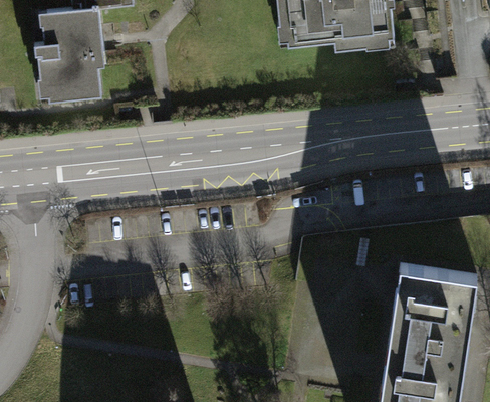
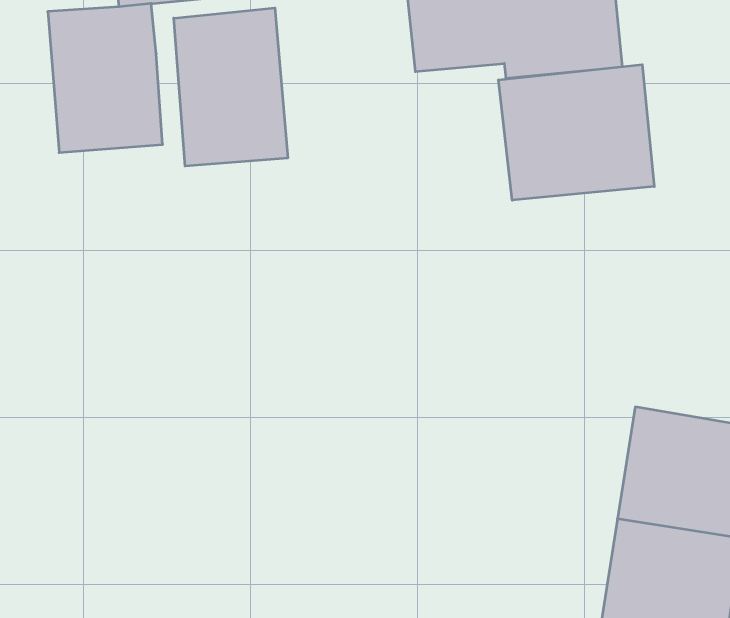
building: none -> [174,8,288,166]
building: none -> [498,65,654,200]

